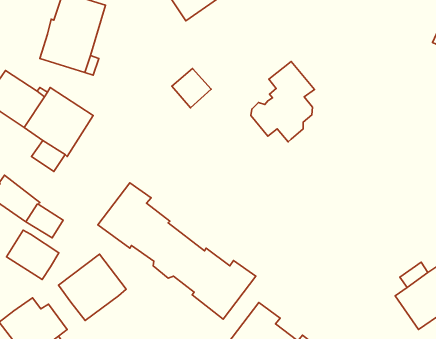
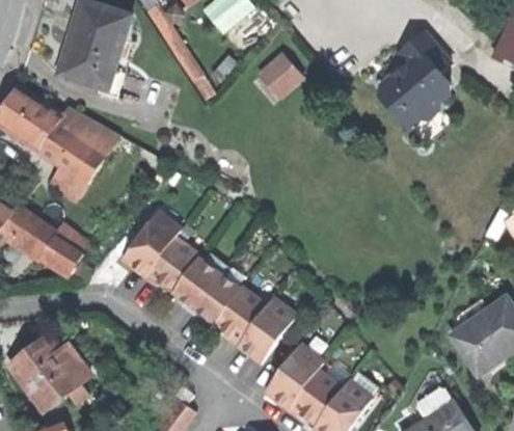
building: [251,61,315,142] -> [379,33,450,123]
building: [172,69,211,108] -> [258,54,301,98]
building: [6,230,59,279] -> none
building: [59,254,126,320] -> none

